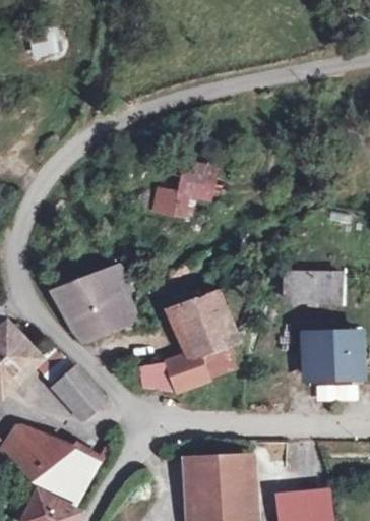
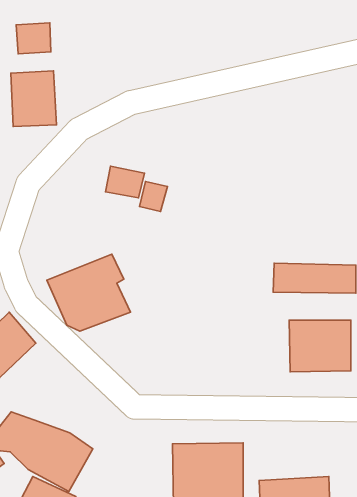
building: none -> [11,71,57,126]
building: [179,162,219,194] -> [106,166,144,198]
building: [137,289,241,394] -> none
building: [52,369,99,417] -> none

